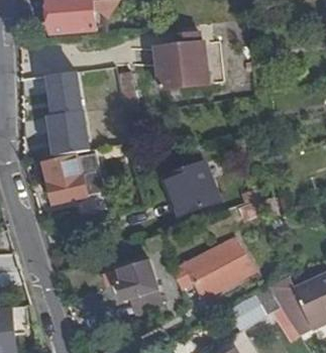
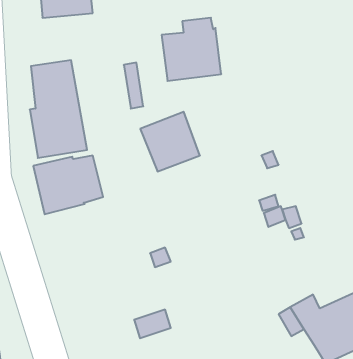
building: [165,162,217,215] -> [140,112,200,171]
building: [170,237,256,300] -> none
building: [115,261,157,302] -> none

